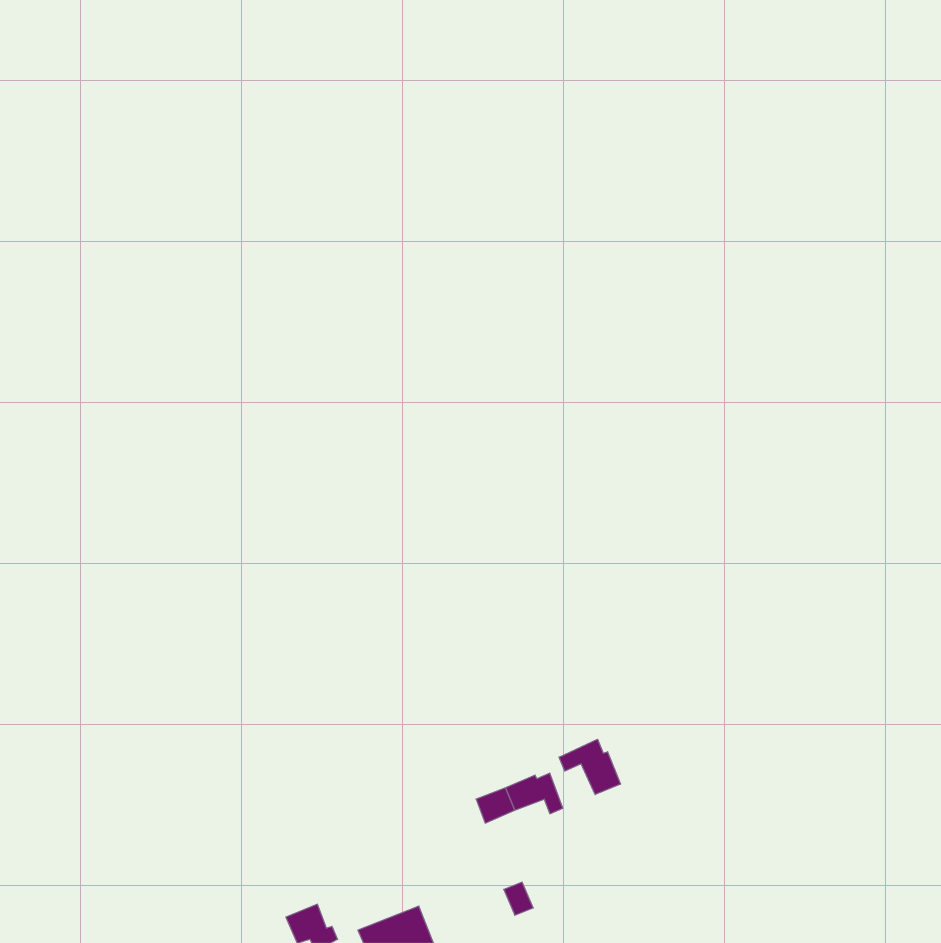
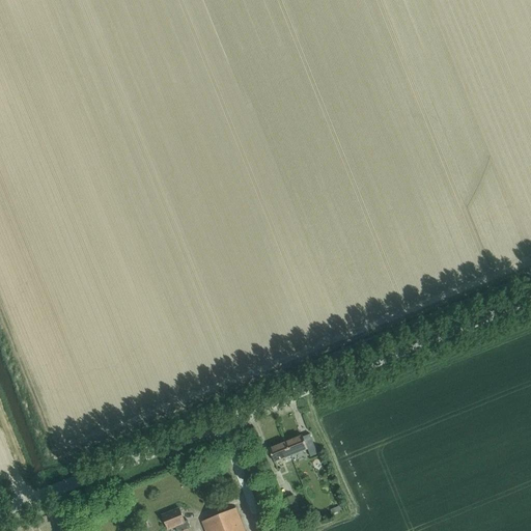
building: [559,739,620,795] -> none

